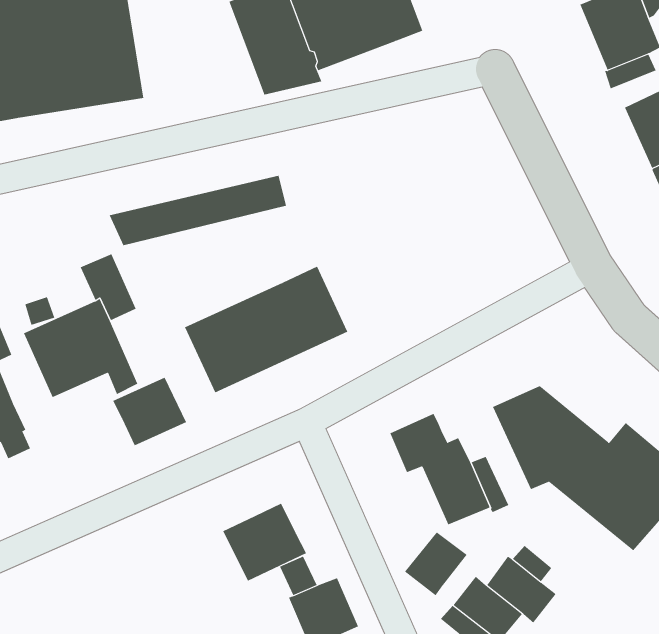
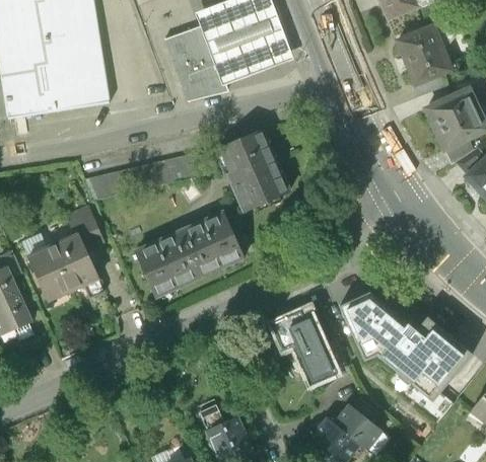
building: none -> [218,130,288,211]
building: [113,377,187,446] -> none
building: [222,503,307,581] -> none
building: [404,531,468,596] -> none

